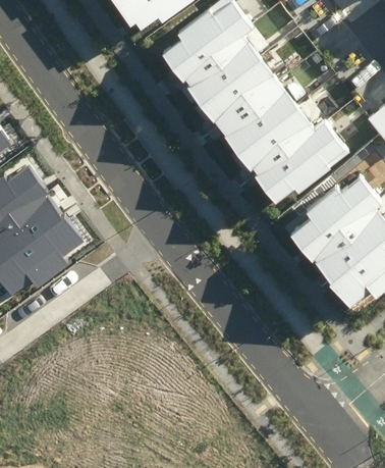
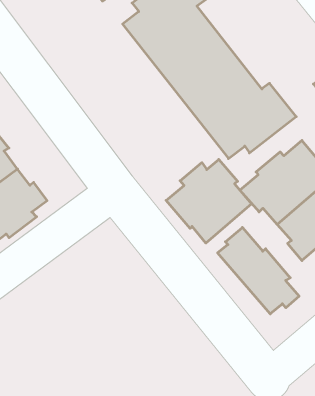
building: none -> [166,159,252,243]
building: none -> [218,227,299,314]

